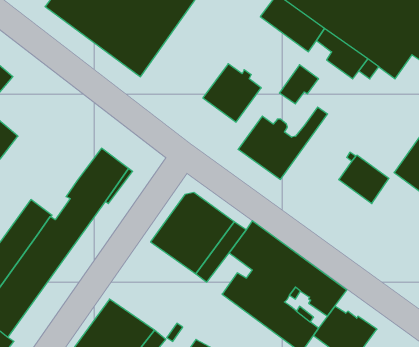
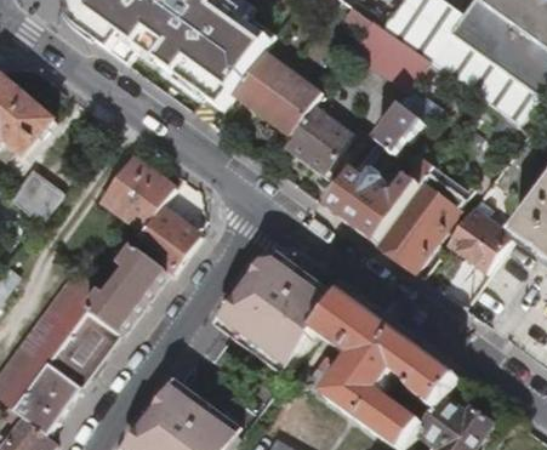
building: none -> [229,47,319,133]
building: none -> [98,153,173,228]
building: none -> [375,164,472,269]

